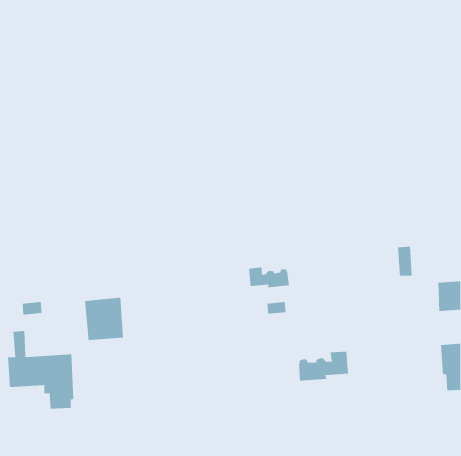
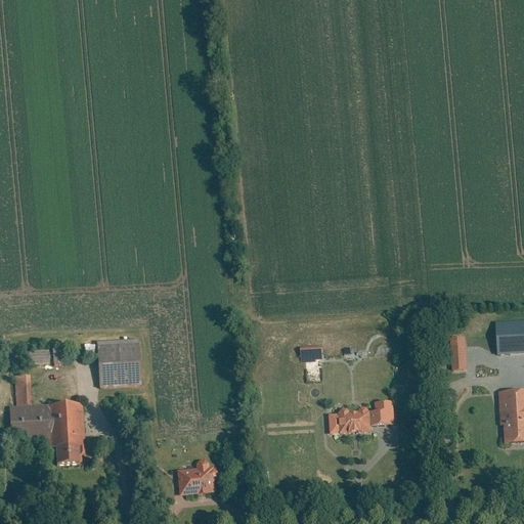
building: [397,246,413,276] -> [449,336,467,369]
building: [249,267,289,288] -> none
building: none -> [178,458,218,495]

